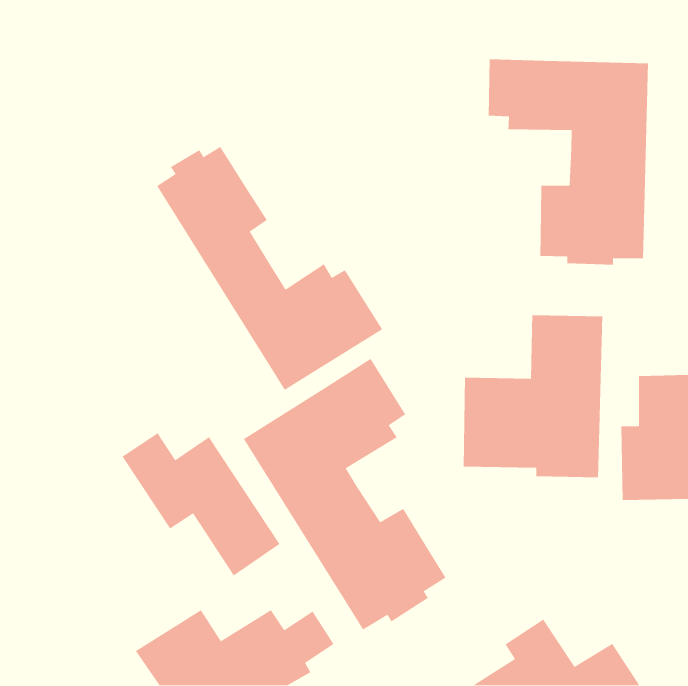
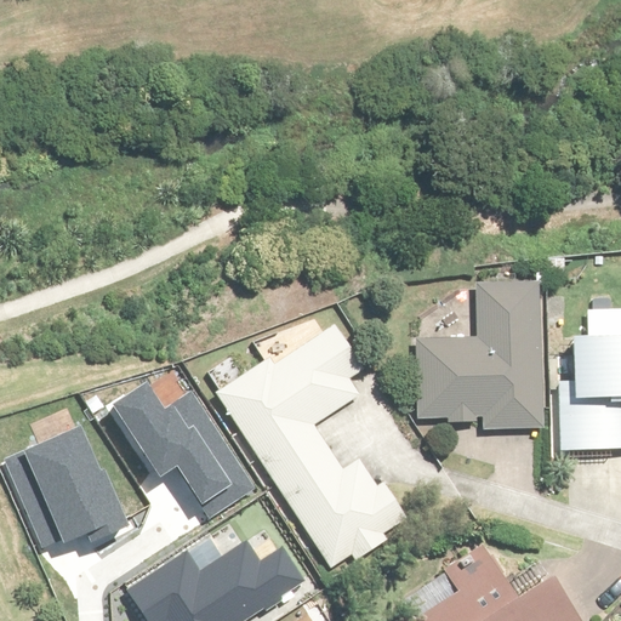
building: [488,58,649,266] -> none
building: [156,146,383,391] -> none
building: none -> [18,427,116,547]

